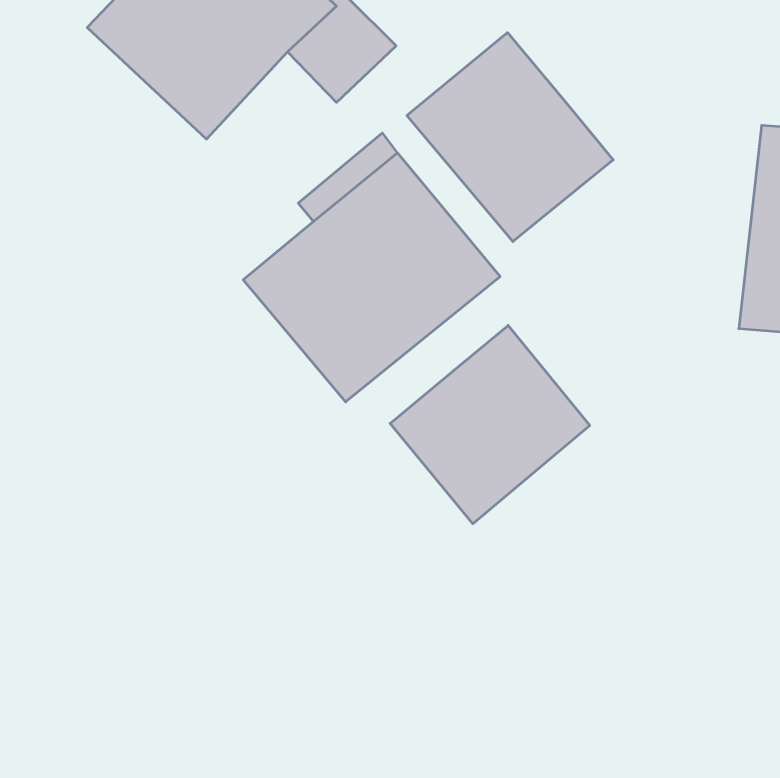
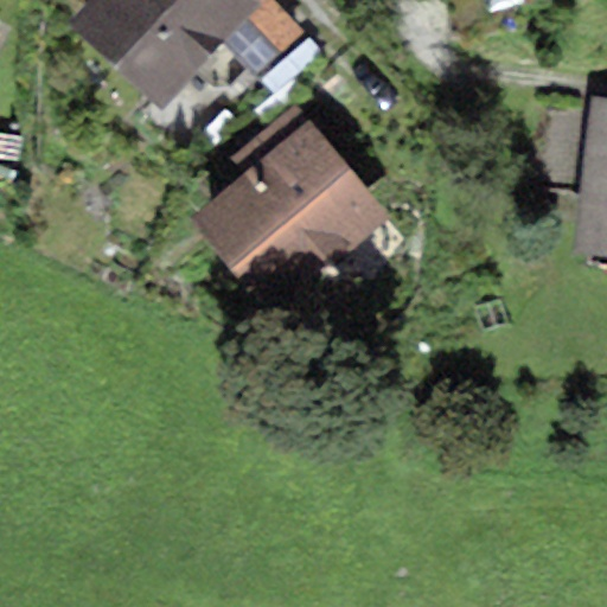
building: [407,33,613,242] -> none
building: [390,325,590,524] -> none

